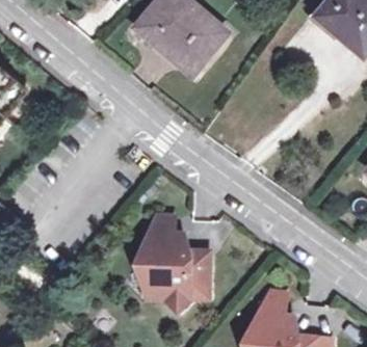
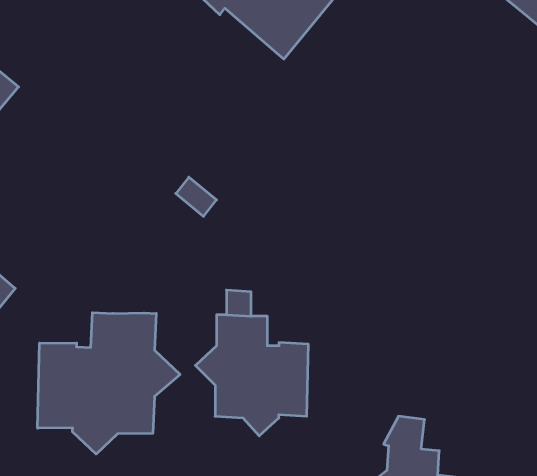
building: none -> [38,313,180,454]

